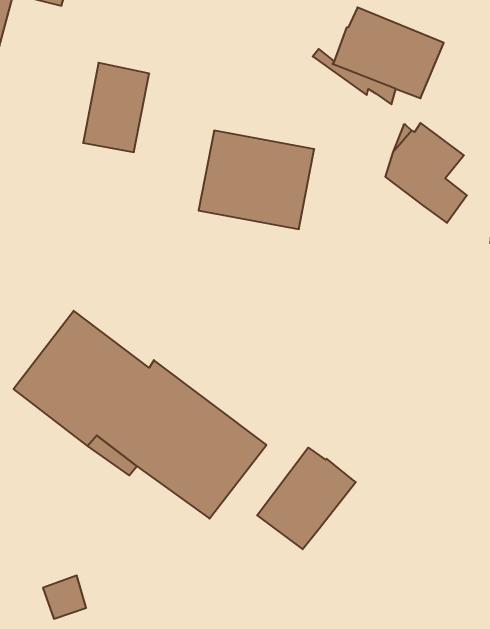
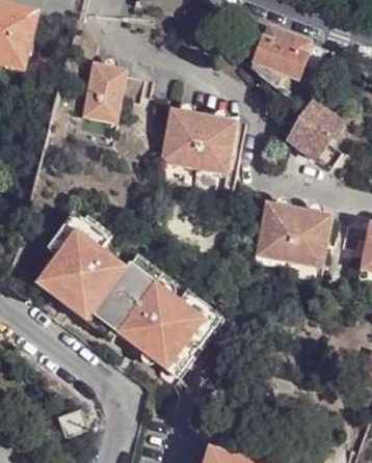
building: none -> [256,200,333,266]
building: [257,448,356,549] -> none

